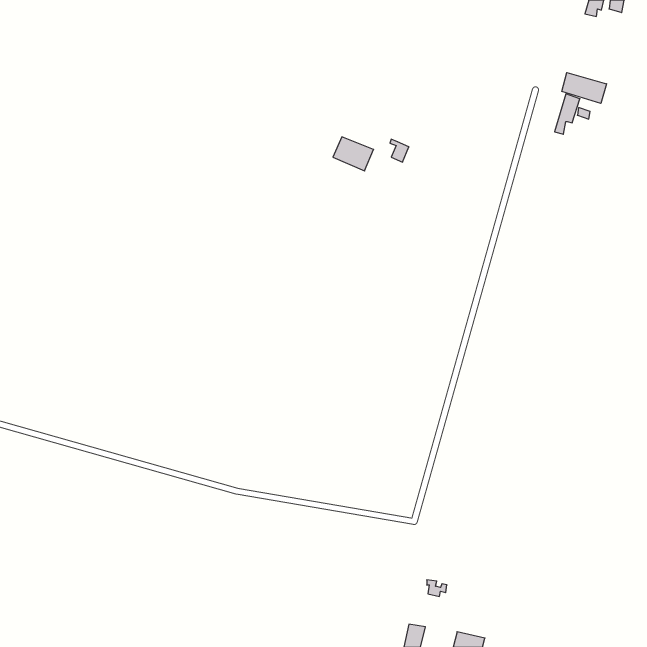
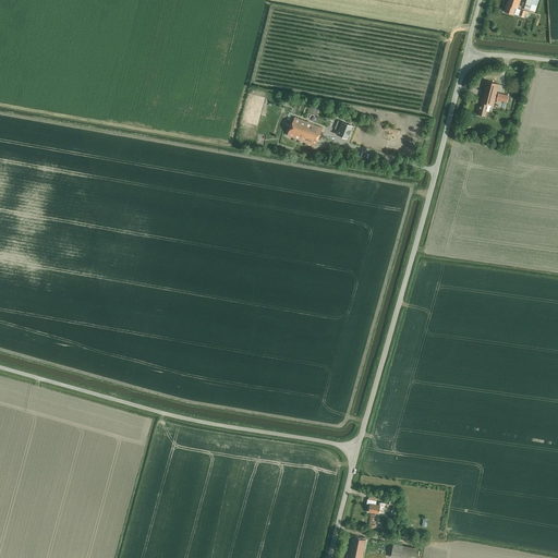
building: [562,73,607,103] -> none

